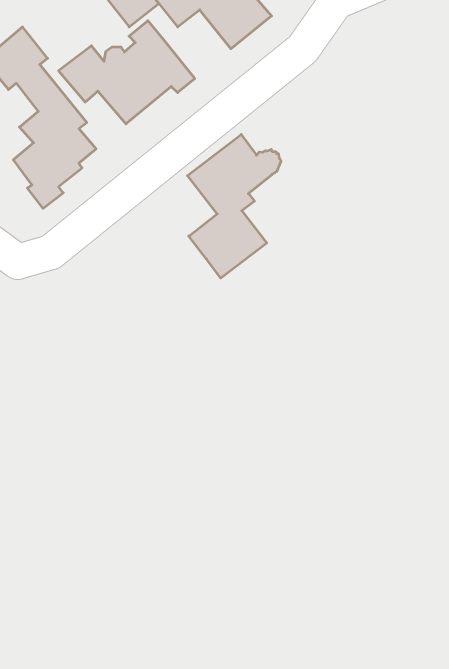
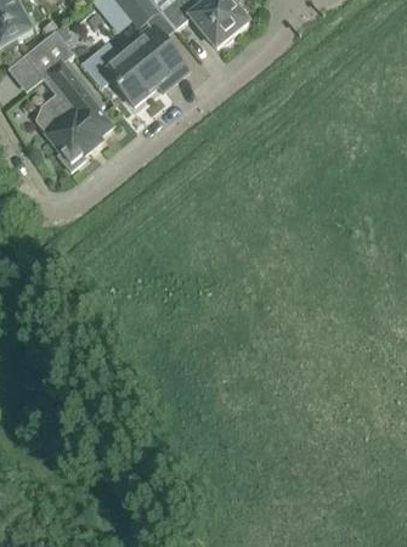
building: [187,134,281,278] -> none

